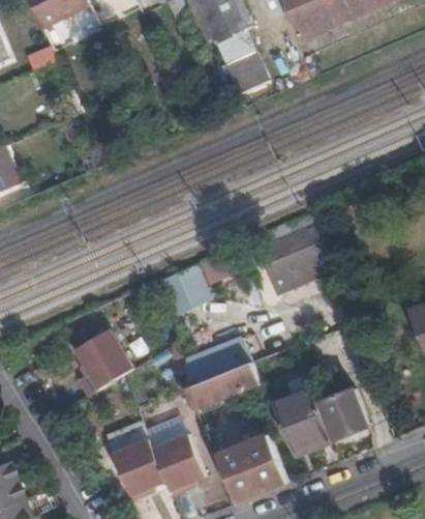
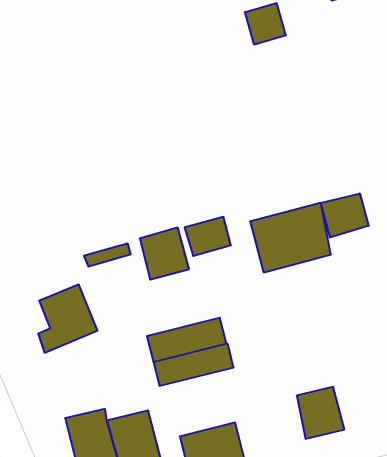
building: none -> [321,193,369,238]
building: [273,390,330,452] -> none

